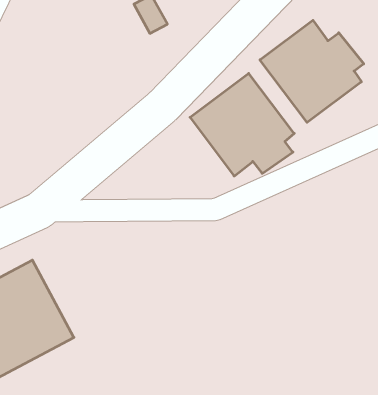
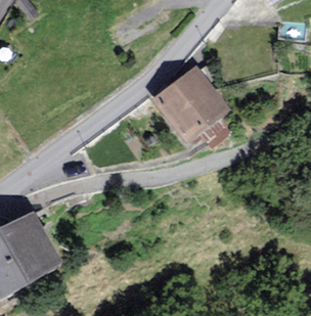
building: [260,20,364,122] -> none

